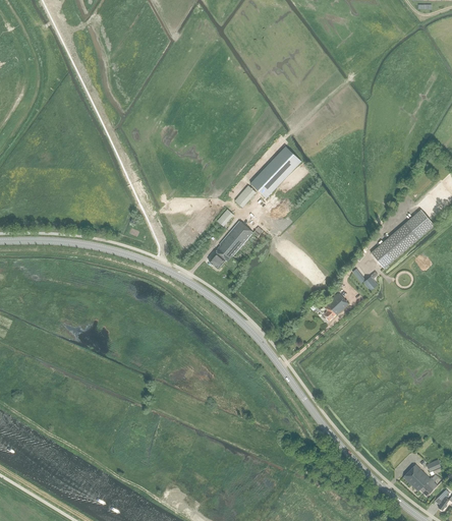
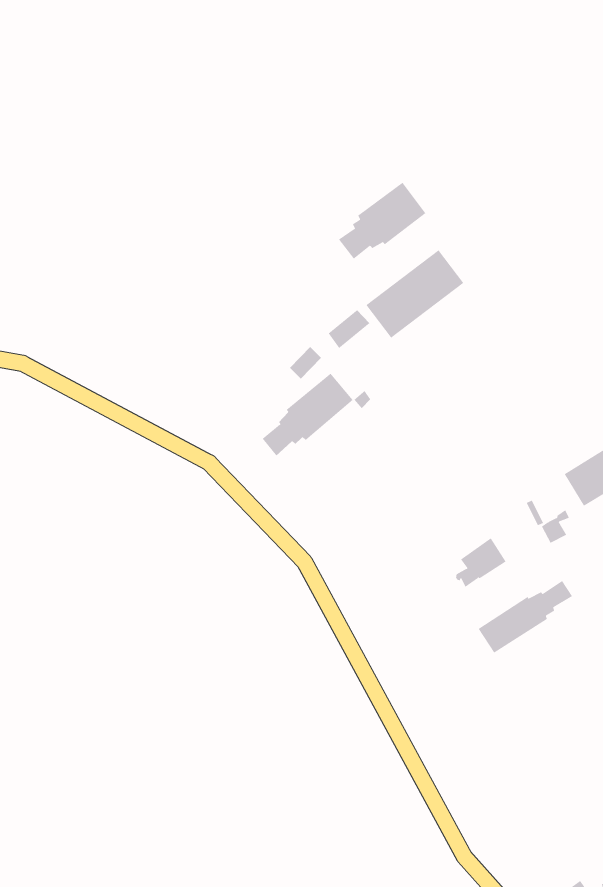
building: none -> [338,182,426,259]
building: none -> [478,580,573,654]

